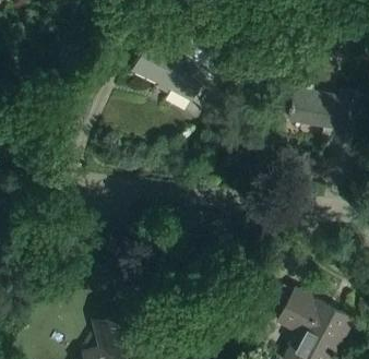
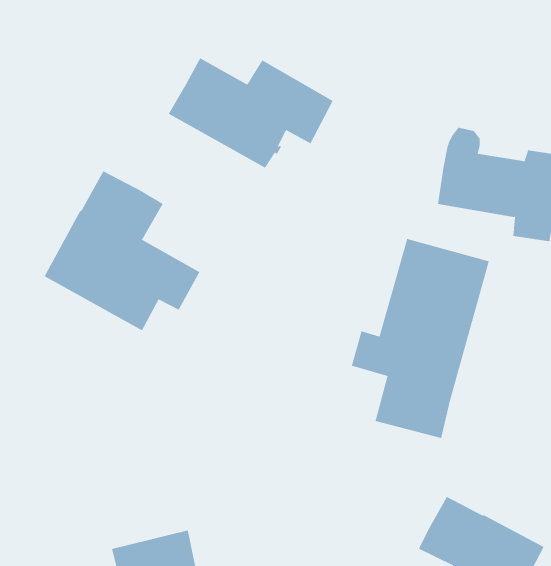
building: none -> [44,171,200,331]
building: none -> [351,238,490,439]

